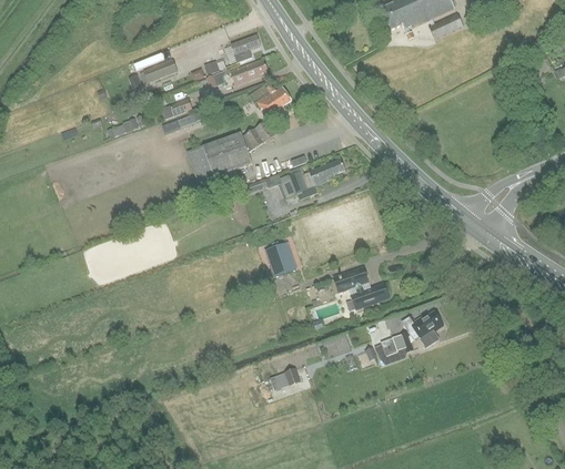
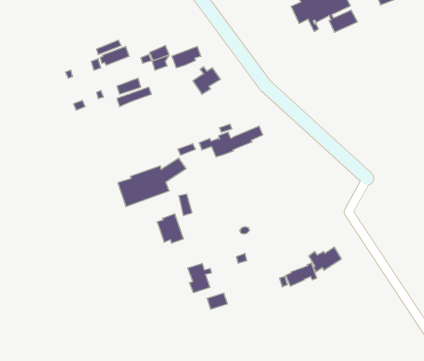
building: [230,34,260,62] -> none
building: [186,122,272,183] -> [118,158,186,207]
building: [265,239,299,276] -> [157,214,184,243]
building: [333,268,387,309] -> none
building: none -> [188,263,211,293]

